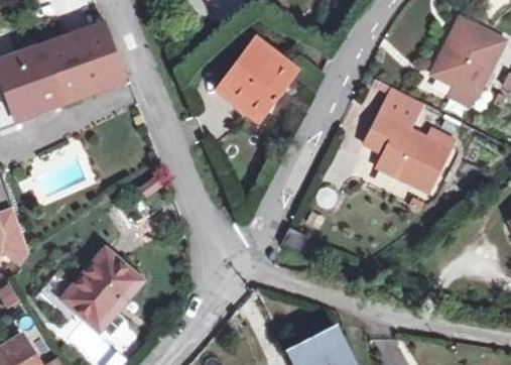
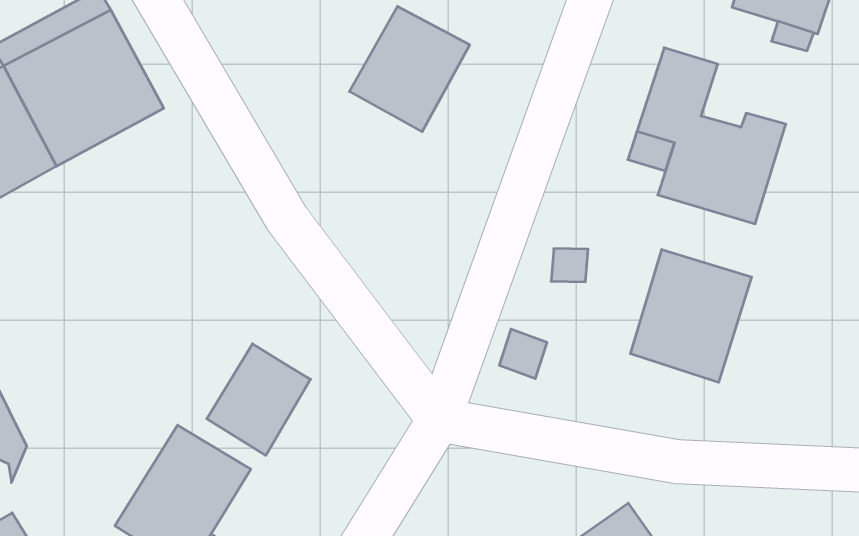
building: none -> [630,249,752,382]
building: none -> [207,344,311,455]

